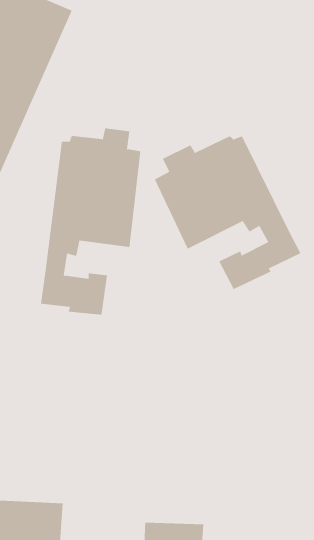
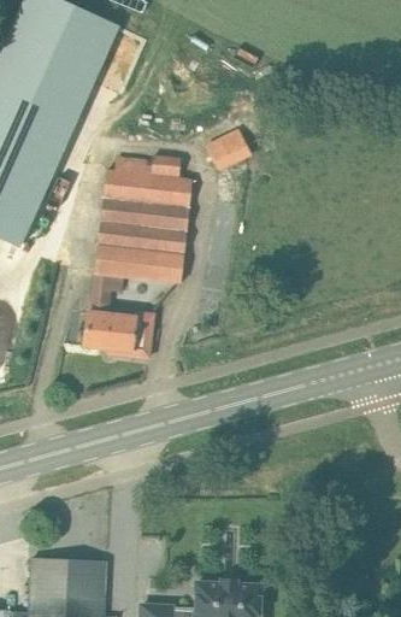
building: none -> [206,129,254,174]
building: [154,135,301,290] -> none

